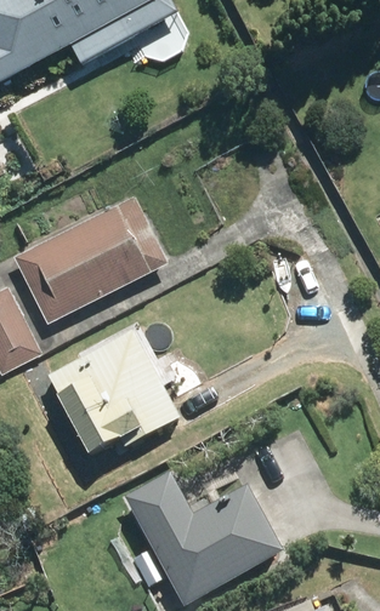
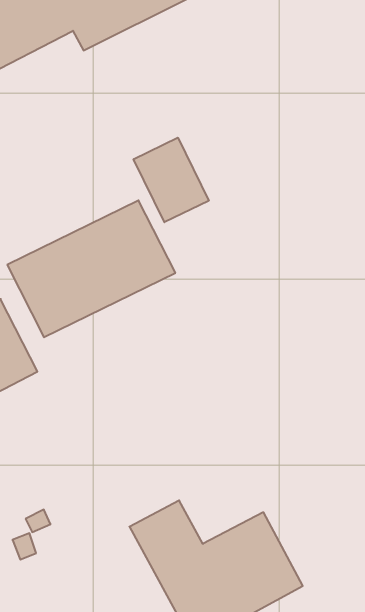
building: none -> [134,138,209,222]
building: [45,327,178,453] -> none

